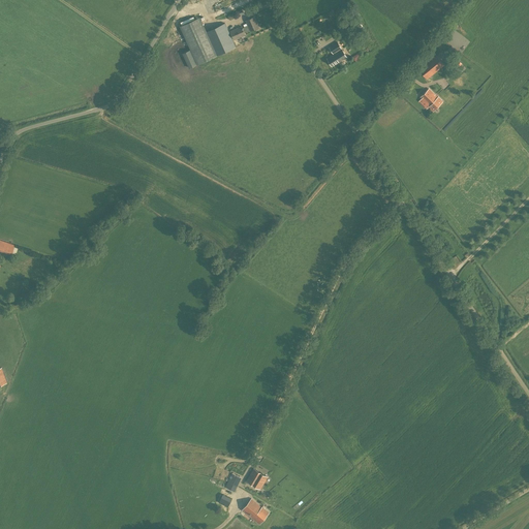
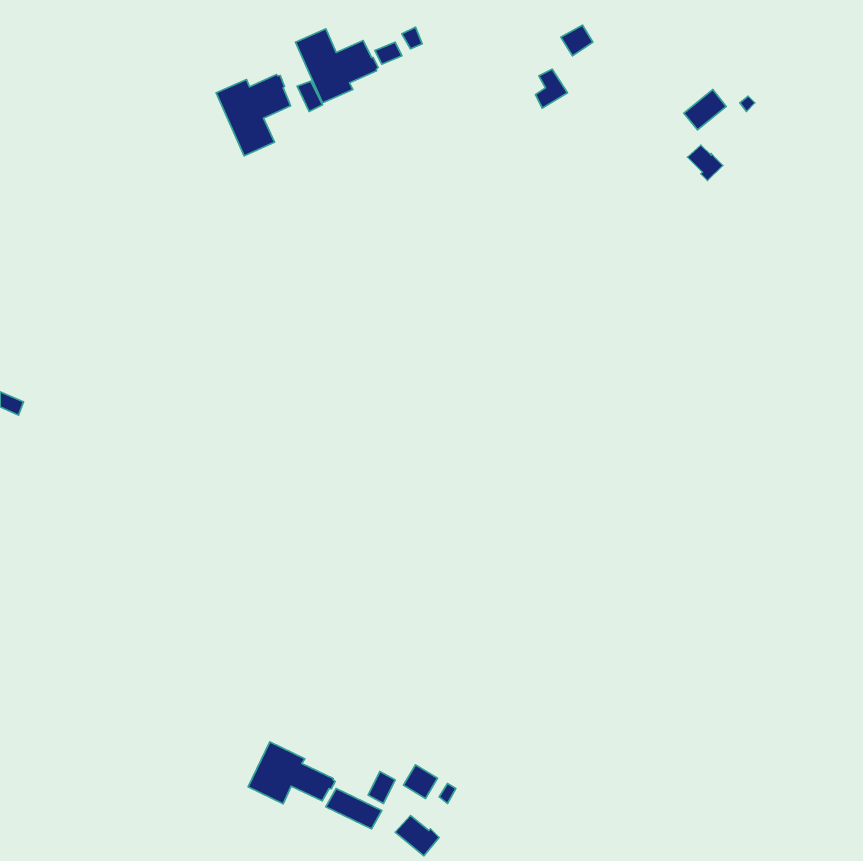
building: none -> [216,75,290,156]
building: none -> [248,742,335,804]

